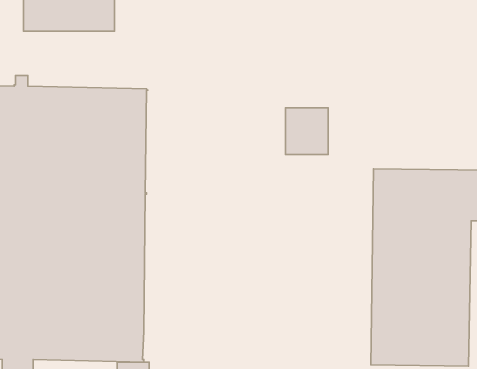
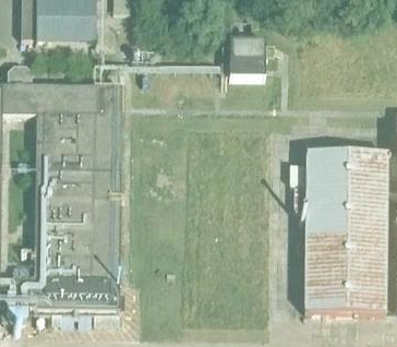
building: [286,108,328,154] -> [230,37,265,75]

